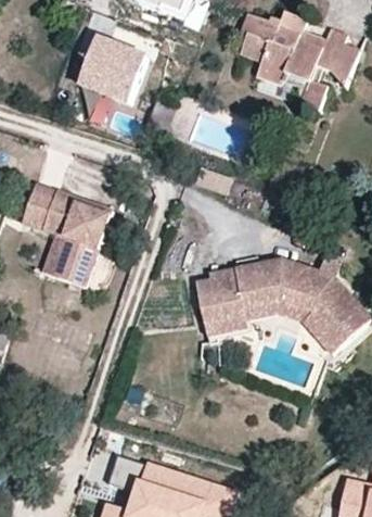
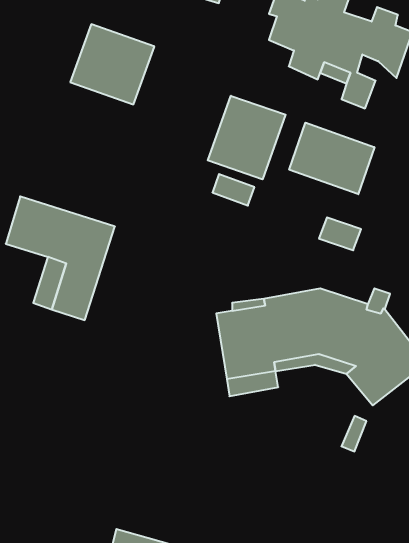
building: none -> [208,96,286,179]
building: none -> [289,123,374,194]

